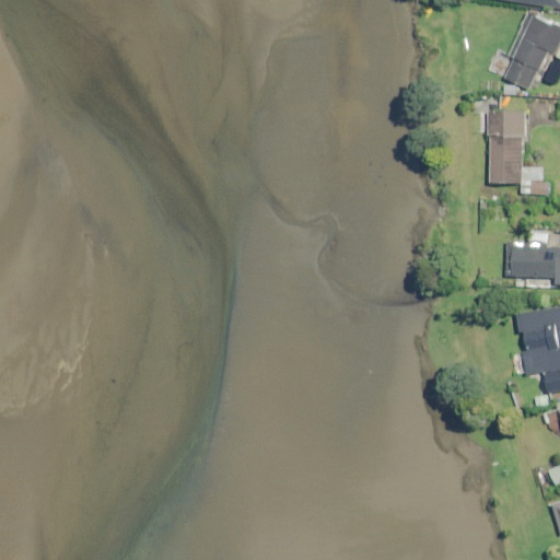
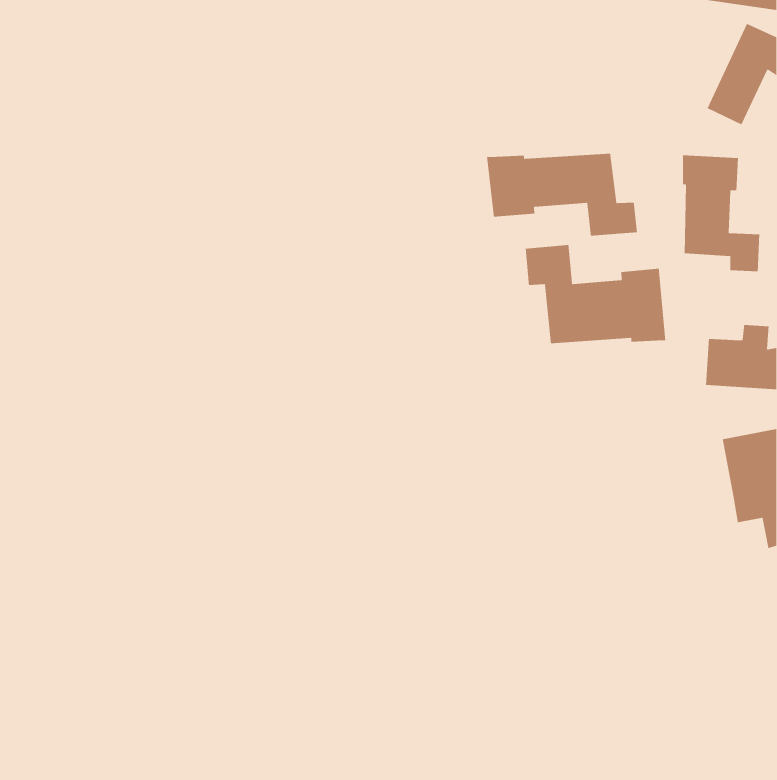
building: none -> [486,153,638,237]
building: none -> [525,244,666,344]

